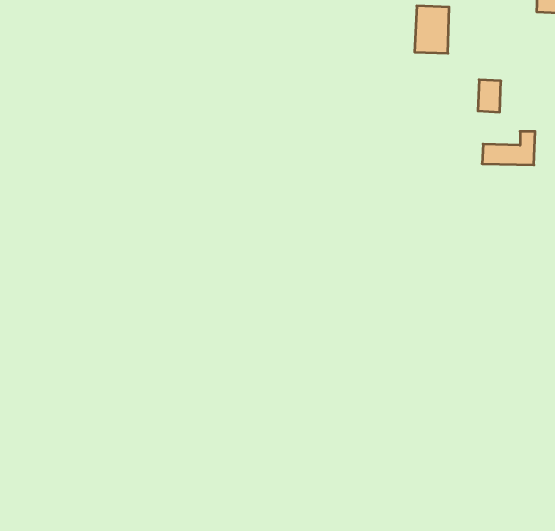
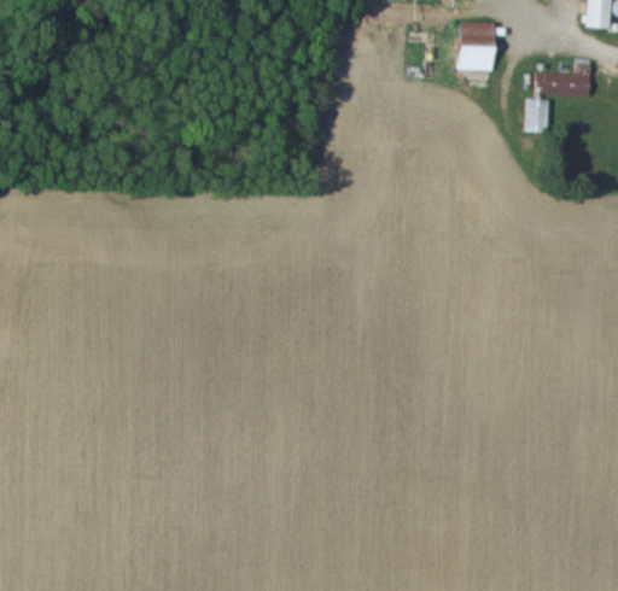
building: [482,131,535,165] -> [536,59,591,94]

